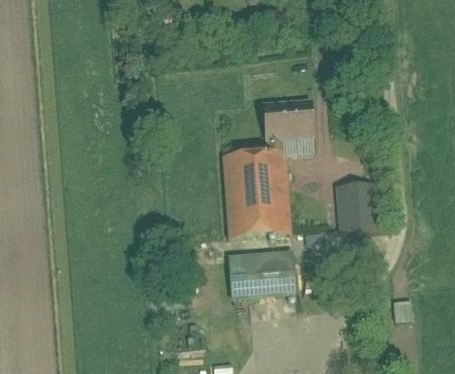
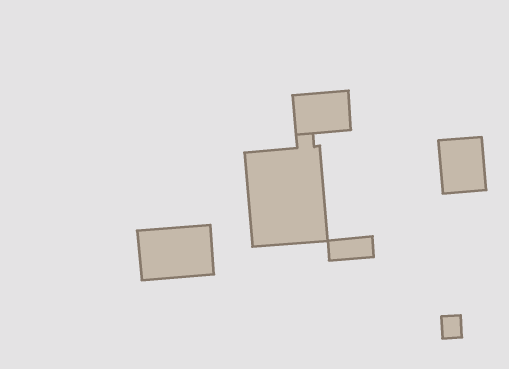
building: [337,183,379,233] -> [438,137,486,193]
building: [227,250,295,298] -> [137,225,214,280]

